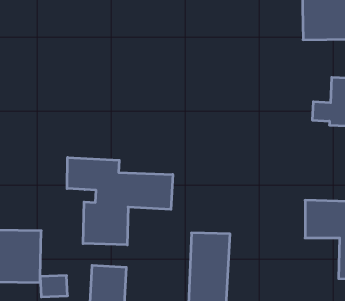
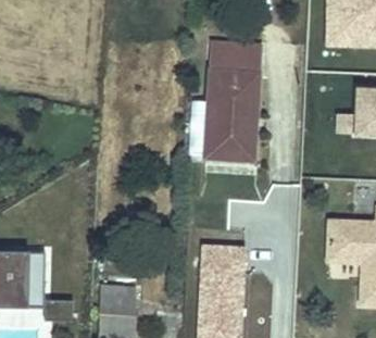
building: none -> [210,42,262,158]
building: [67,157,173,245] -> none

